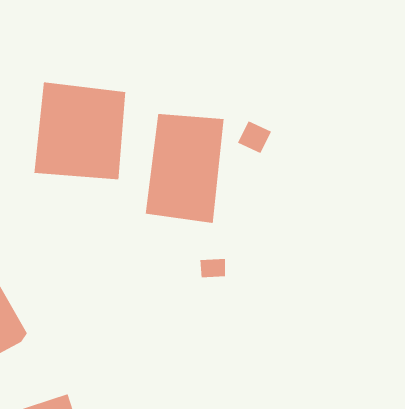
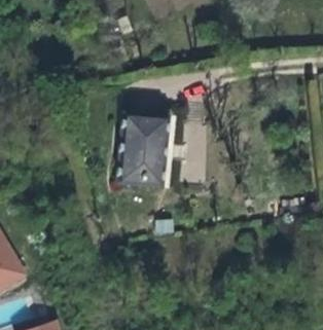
building: [34,81,126,180] -> none

